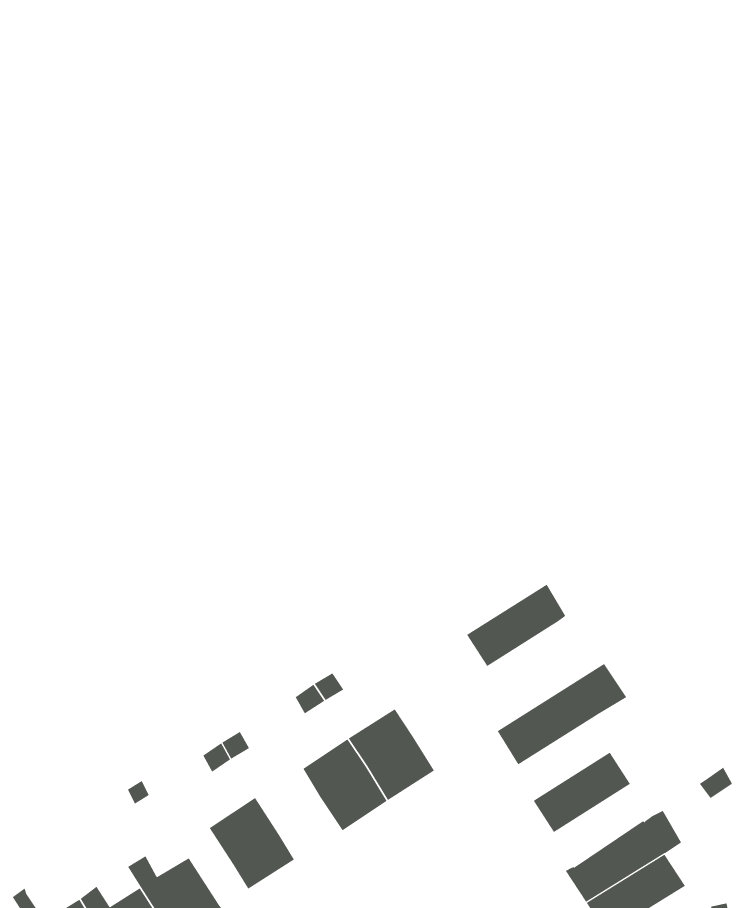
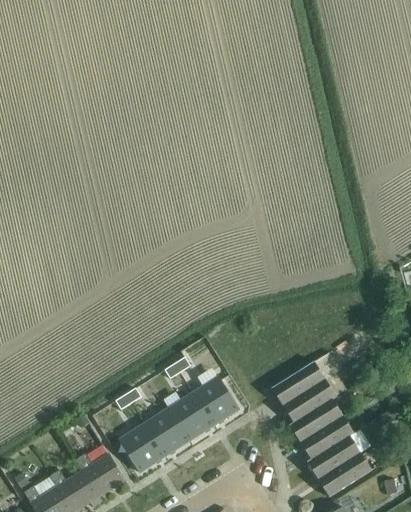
building: [466,584,566,667] -> [283,379,336,423]
building: none -> [144,408,190,456]
building: none -> [302,416,354,460]

